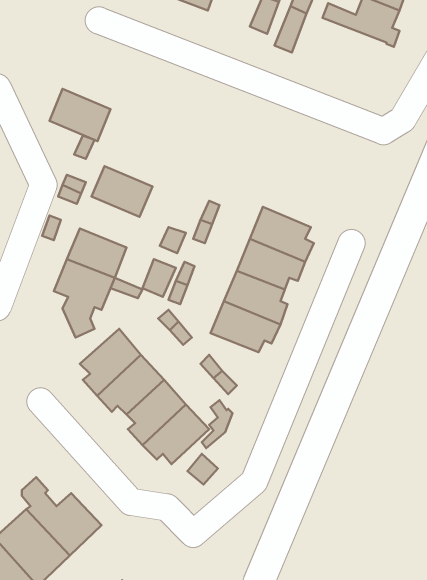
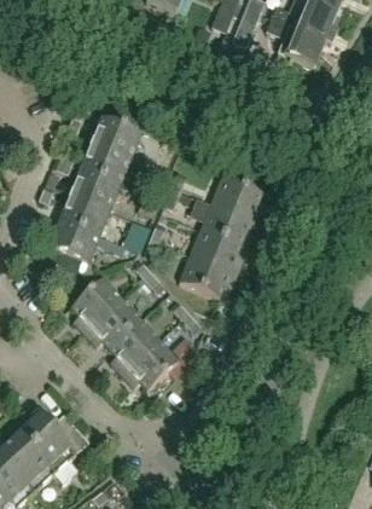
building: none -> [266,18,325,66]
building: [50,89,111,141] -> [91,115,141,158]
building: none -> [70,167,120,209]

